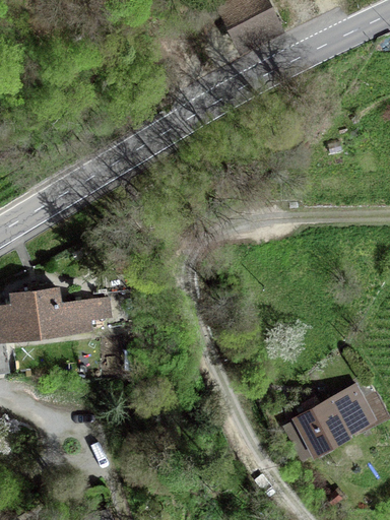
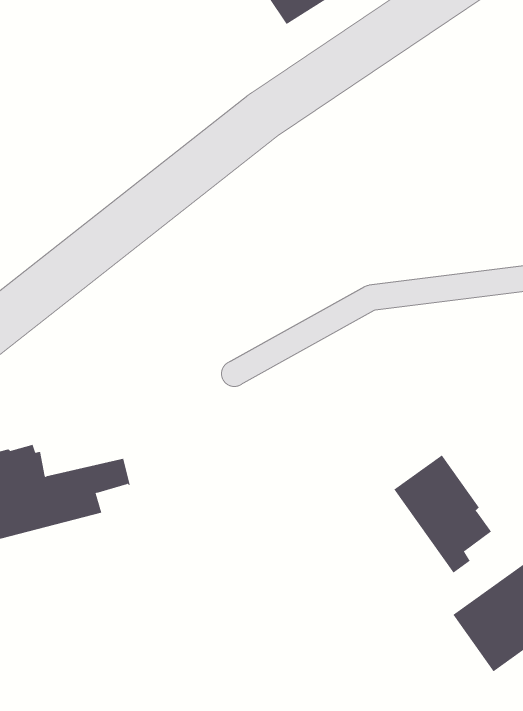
building: none -> [393,455,492,573]

